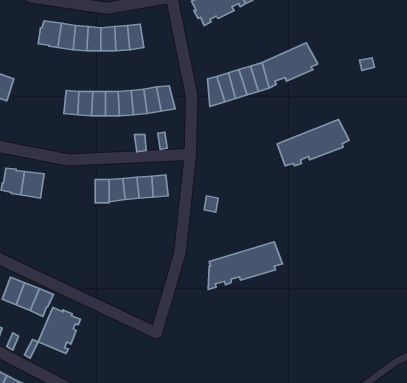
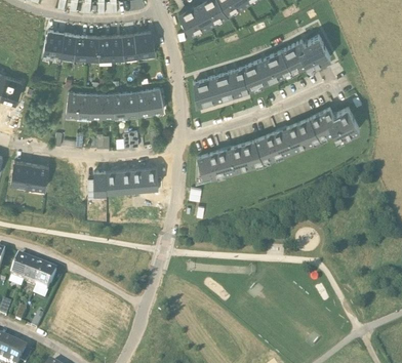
building: none -> [133,31,155,54]
building: none -> [280,36,330,69]
building: none -> [309,108,359,137]
building: [208,242,282,289] -> [196,139,262,182]
building: [38,308,81,354] -> none

